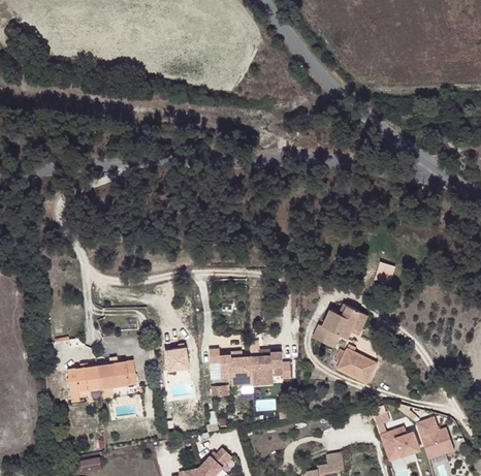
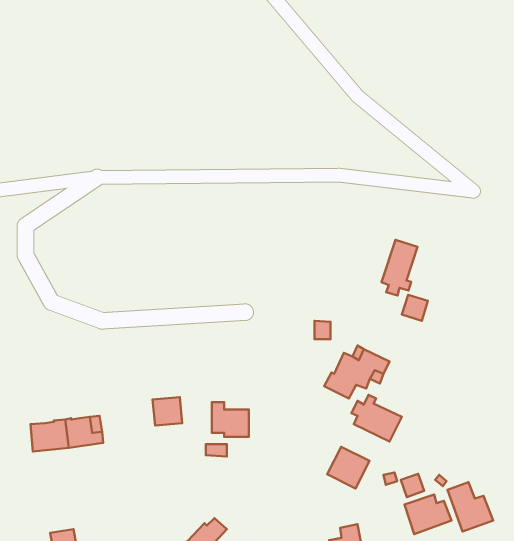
building: none -> [382,240,418,296]
building: [250,351,281,380] -> none
building: none -> [327,447,369,488]

